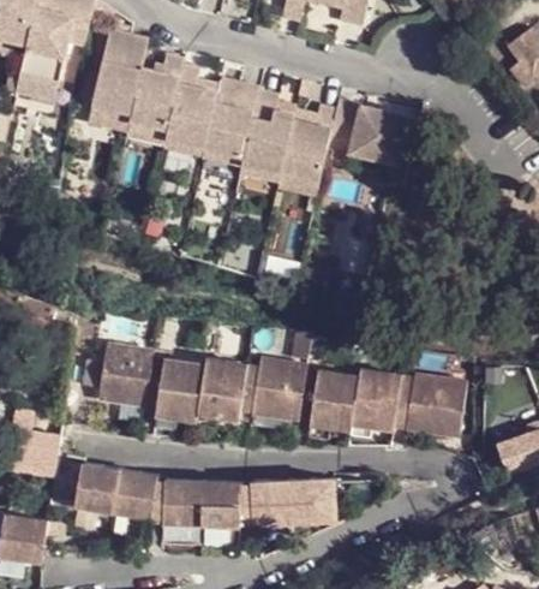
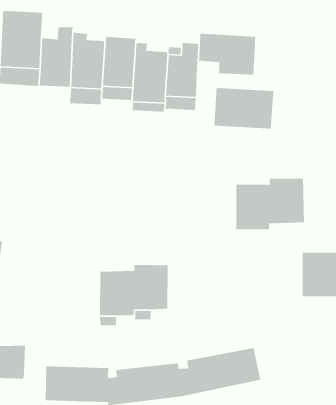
building: none -> [213,87,274,129]
building: [98,341,155,404] -> none
building: [253,361,309,422] -> none
building: [311,373,403,435] -> [236,178,305,230]

